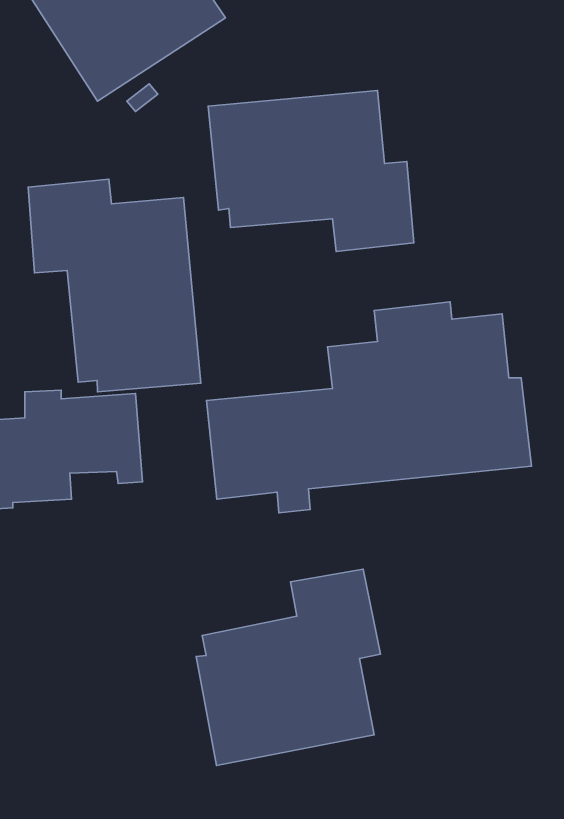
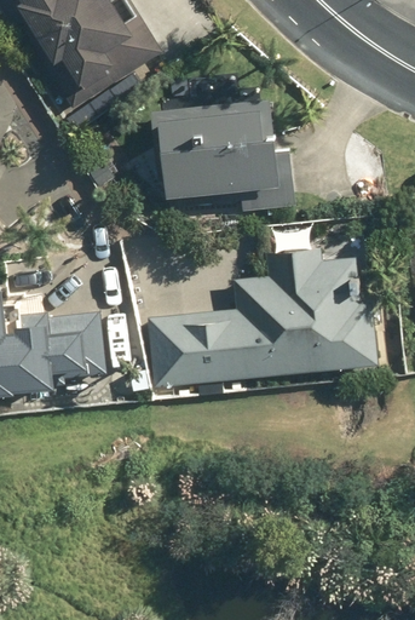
building: [28,179,201,392] -> none
building: [196,569,380,766] -> none

